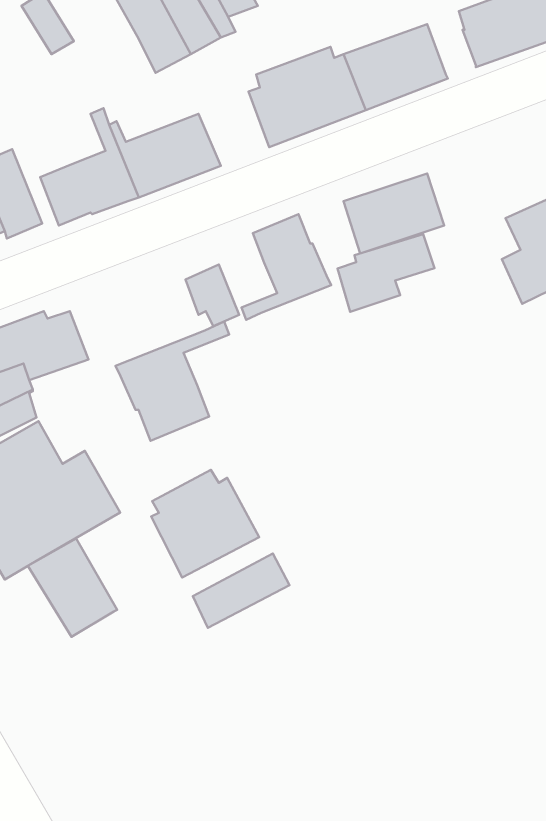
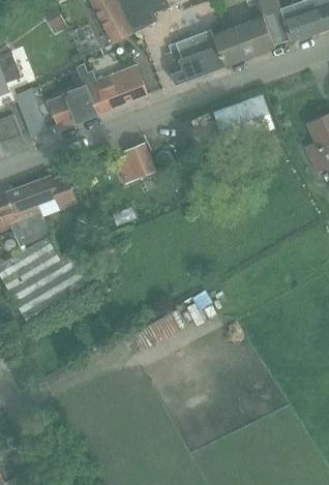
building: none -> [263,8,290,43]
building: [241,214,331,320] -> none
building: [337,234,435,312] -> none
building: [115,321,229,441] -> none
building: [151,470,259,577] -> none
building: [28,539,117,637] -> none

